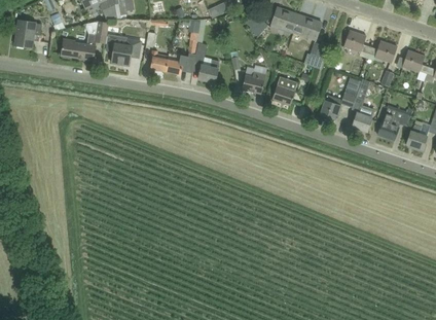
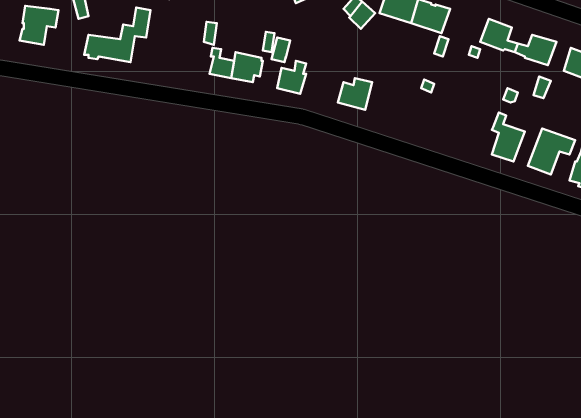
building: [106,35,142,64] -> none
building: [272,76,298,105] -> none
building: [320,86,359,119] -> none

